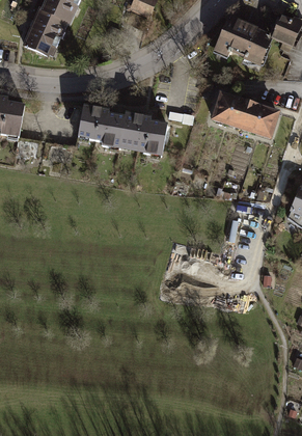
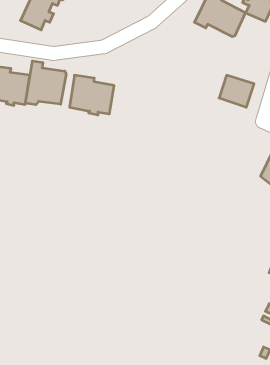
building: none -> [25,61,66,105]
building: [212,94,250,130] -> none
building: [121,112,170,156] -> none

